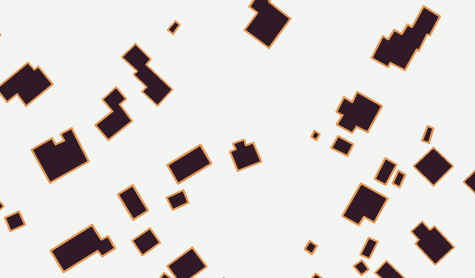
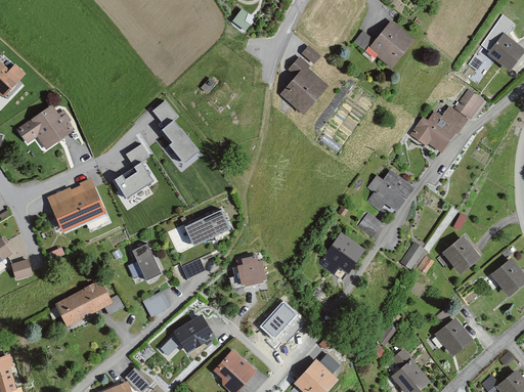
building: [230,140,261,171] -> [237,255,269,287]
building: [342,184,388,225] -> [317,232,366,275]
building: none -> [261,301,296,336]

